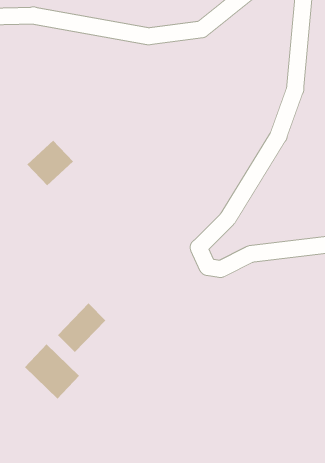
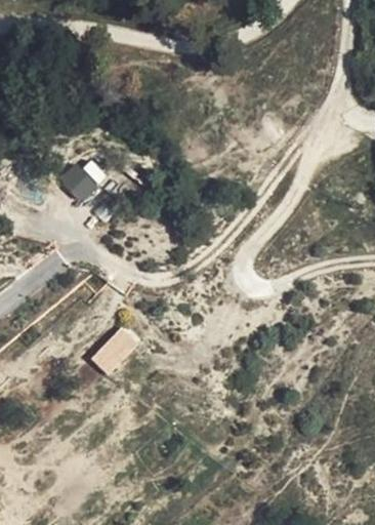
building: [24,343,80,399] -> none

